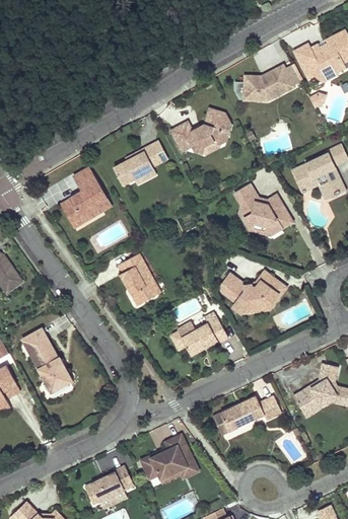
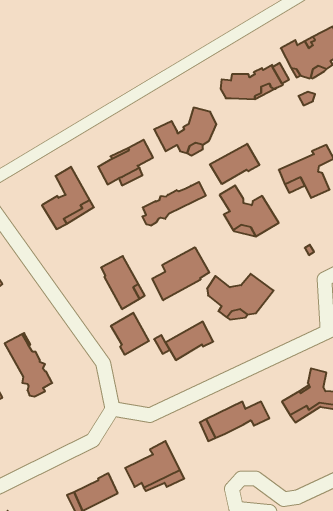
building: none -> [210,144,259,184]
building: none -> [142,182,206,226]
building: none -> [152,247,209,300]
building: none -> [111,313,149,355]

